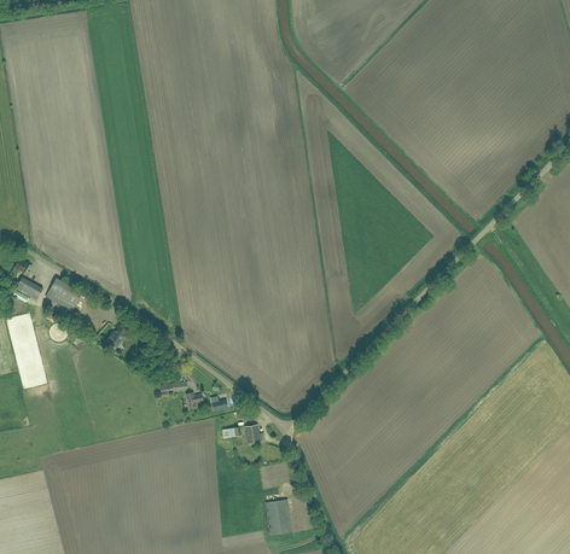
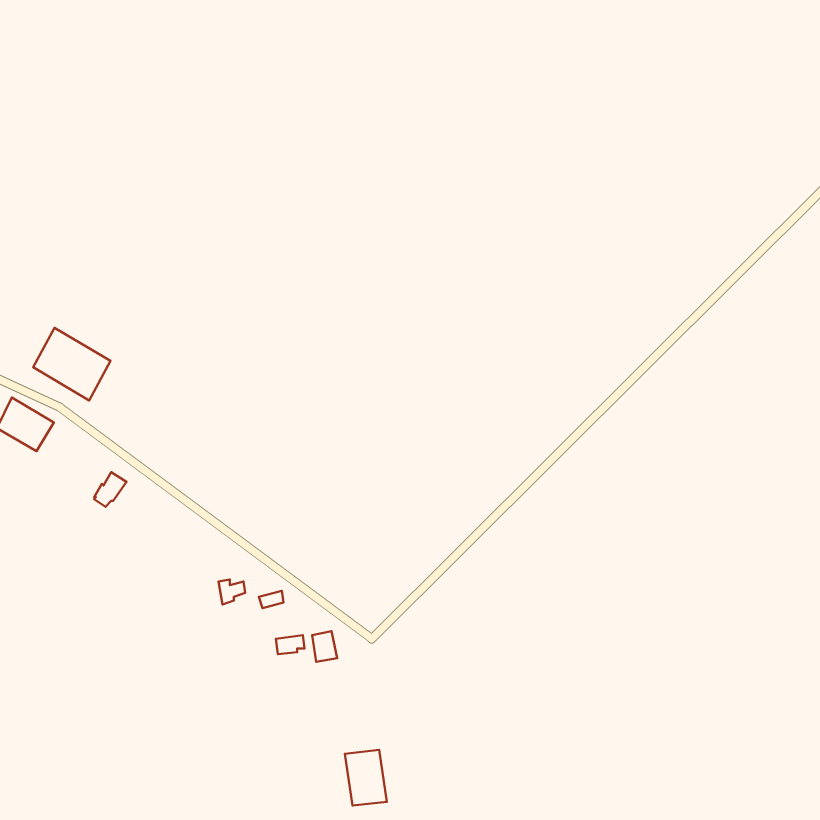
building: none -> [33,328,111,400]

